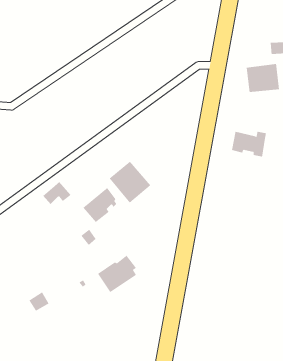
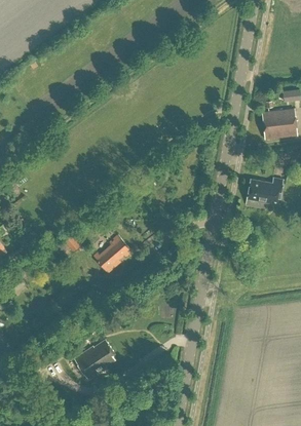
building: [109,161,151,204] -> none
building: [97,255,137,293] -> [74,340,115,379]

